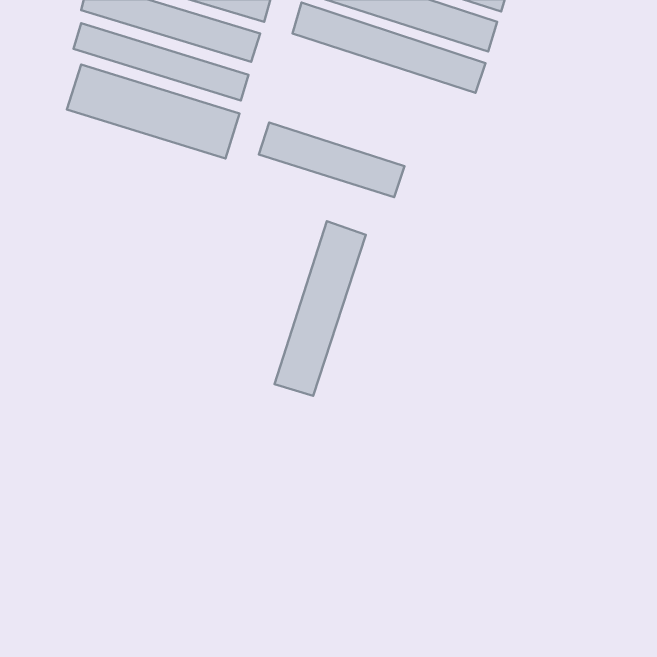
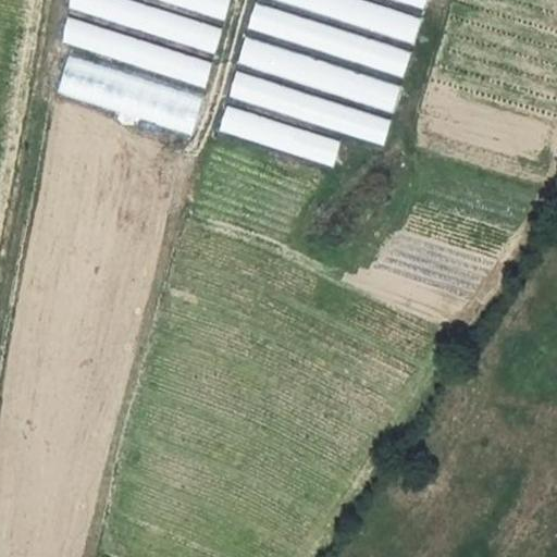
building: none -> [236,35,400,112]
building: none -> [227,70,392,146]
building: [275,221,366,396] -> none

